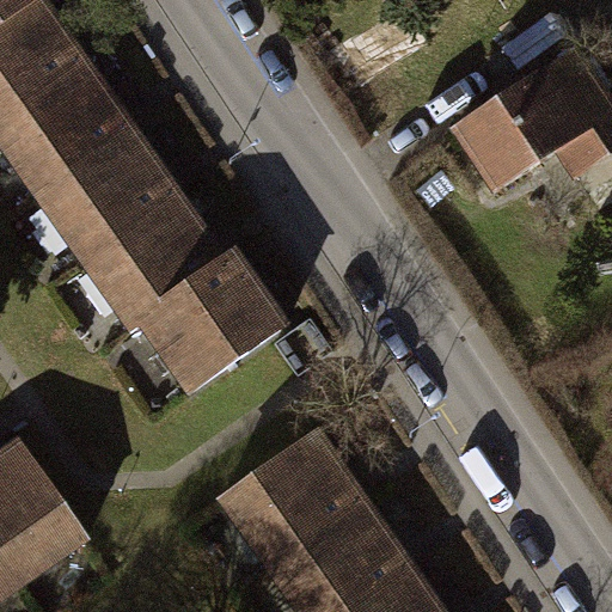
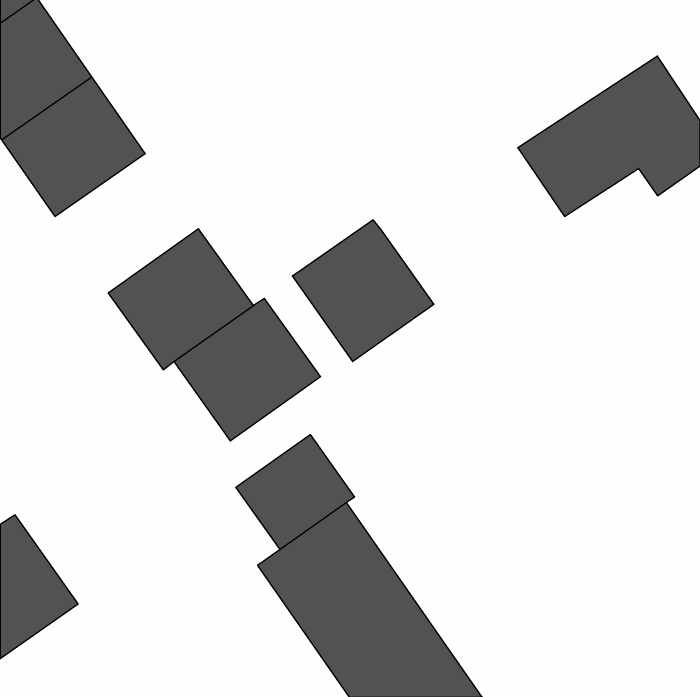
building: [48,134,173,256] -> none
building: none -> [292,220,434,362]
building: none -> [236,435,354,550]

